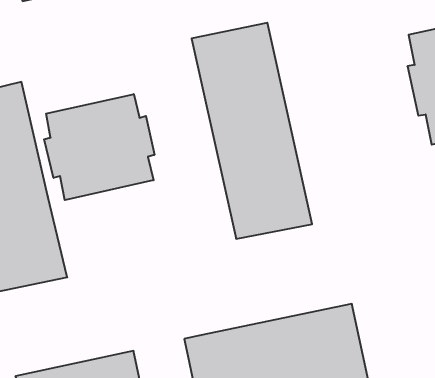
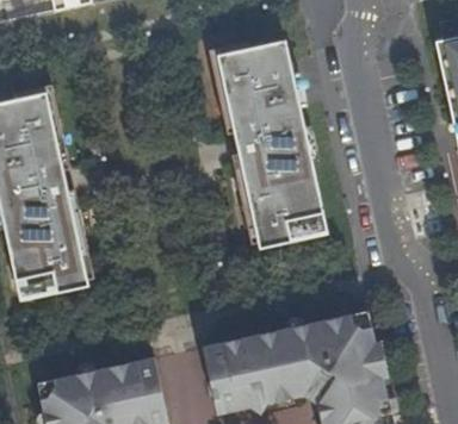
building: [44,94,154,200] -> none

